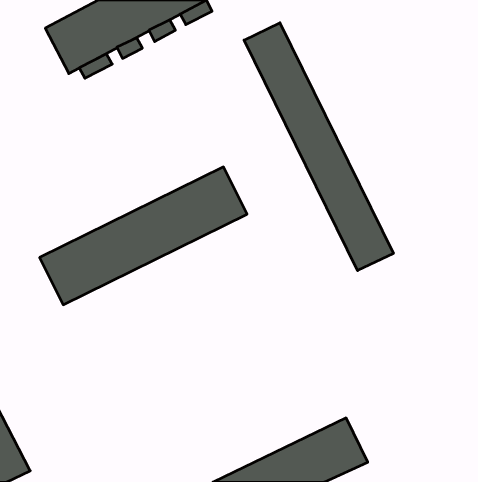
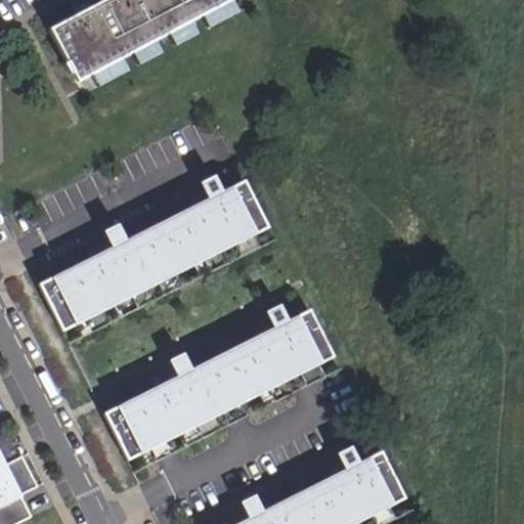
building: [244,23,393,271] -> none
building: none -> [112,311,332,451]

